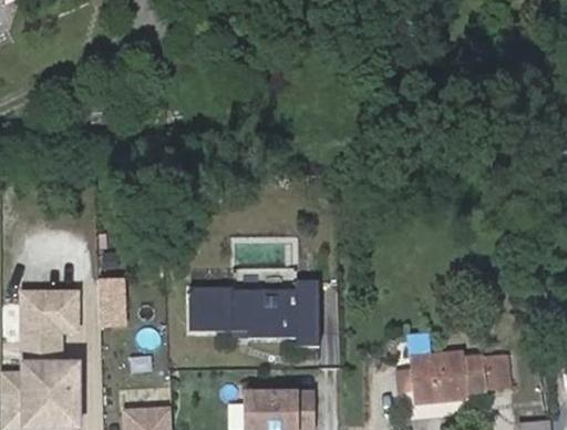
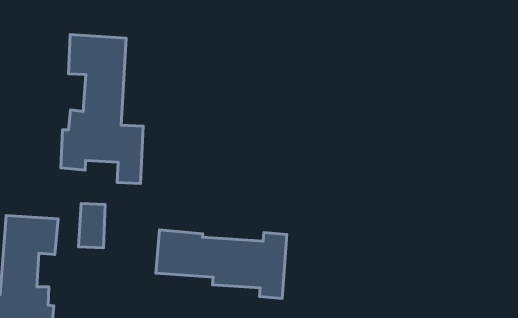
building: none -> [61,34,143,183]

